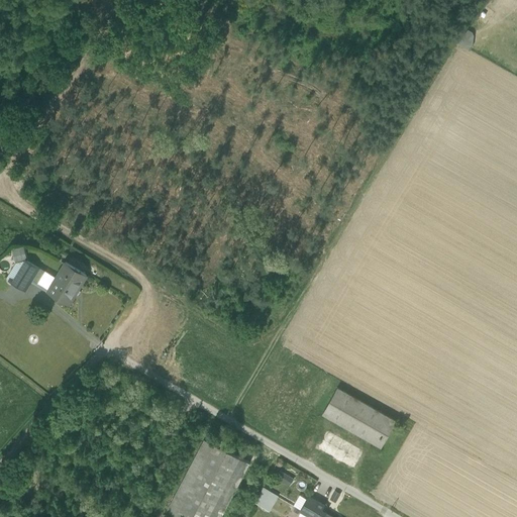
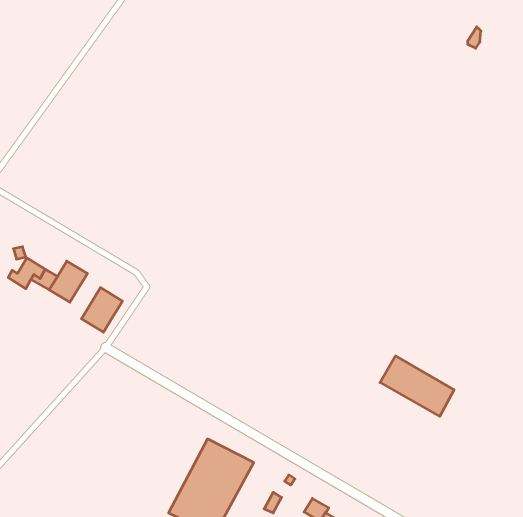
building: none -> [81,288,122,332]
building: [321,389,394,448] -> [380,356,454,416]

